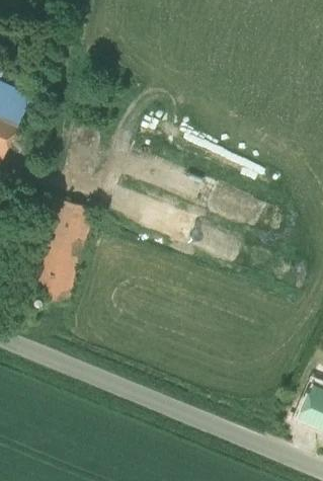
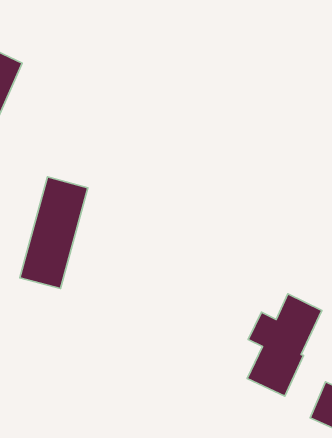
building: none -> [247,294,322,396]

